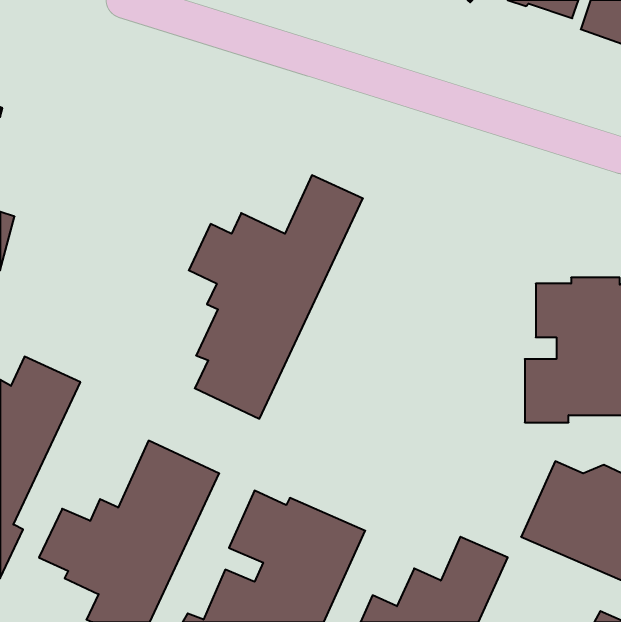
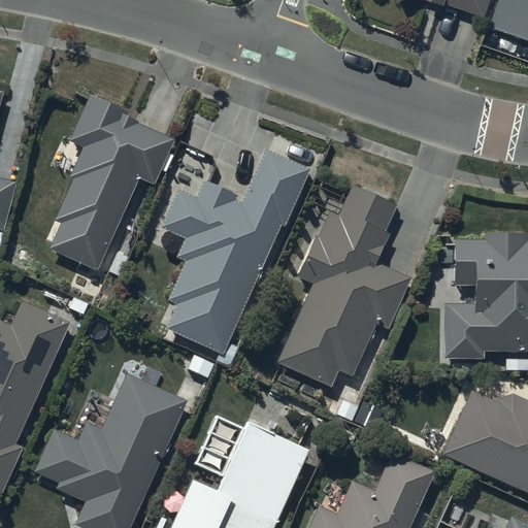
building: none -> [48,97,172,270]
building: none -> [275,184,411,389]

